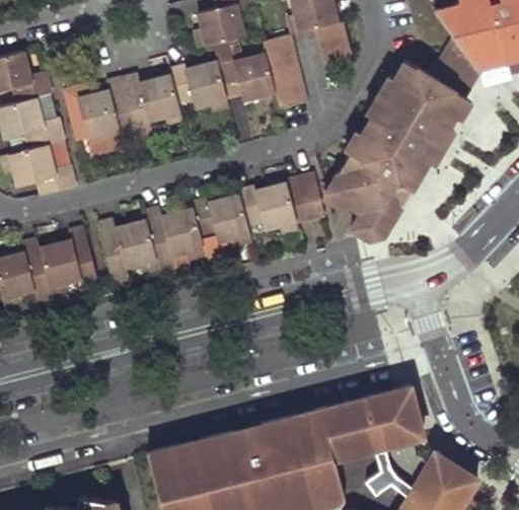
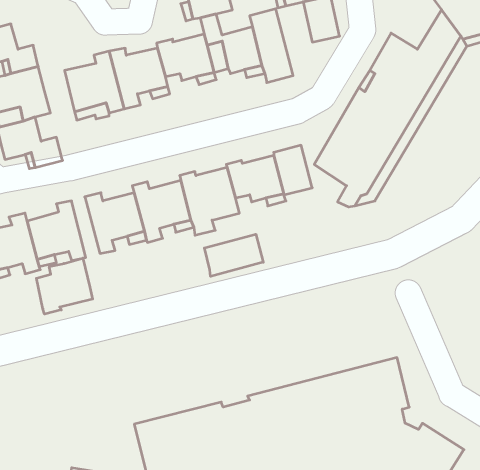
building: none -> [204,234,263,276]
building: none -> [36,258,93,314]

